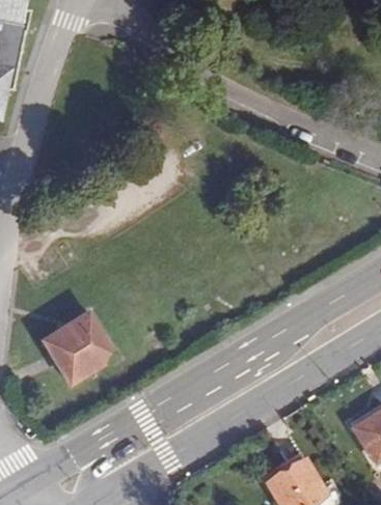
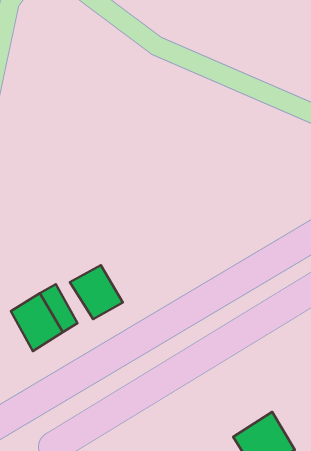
building: none -> [70,265,123,319]

